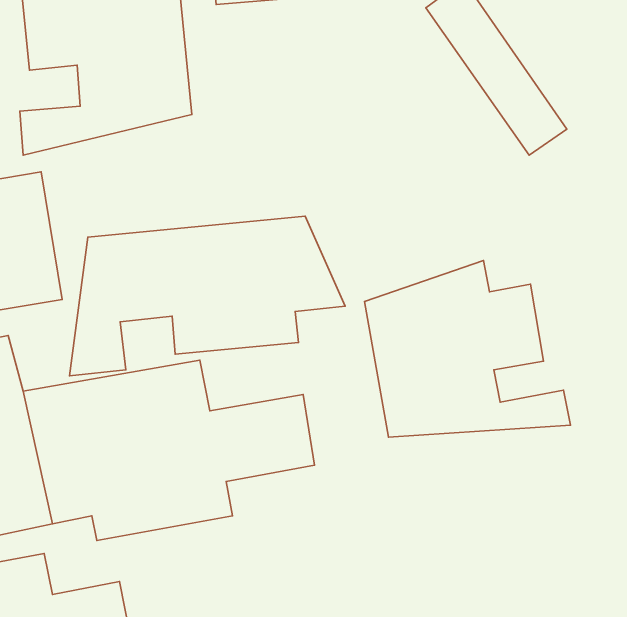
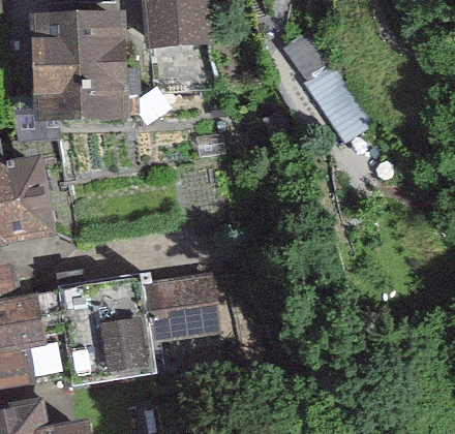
building: [70,216,345,376] -> none
building: [365,261,571,437] -> none

